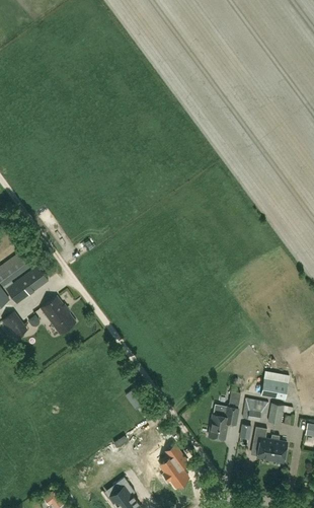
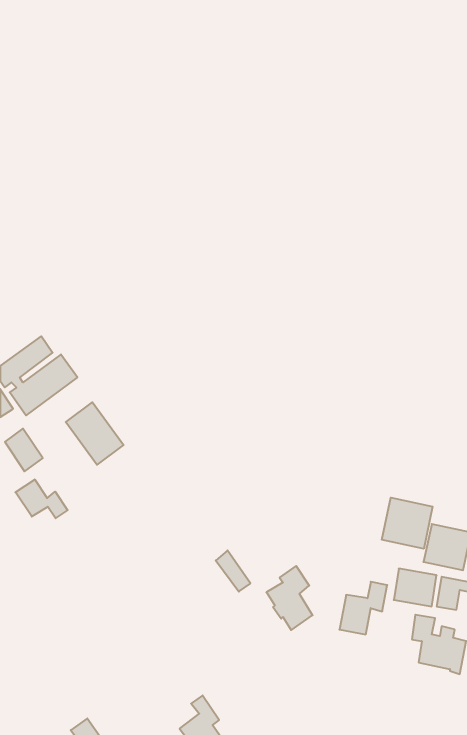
building: none -> [15,479,68,518]
building: none -> [382,498,433,549]
building: [157,443,185,483] -> [266,566,313,630]

